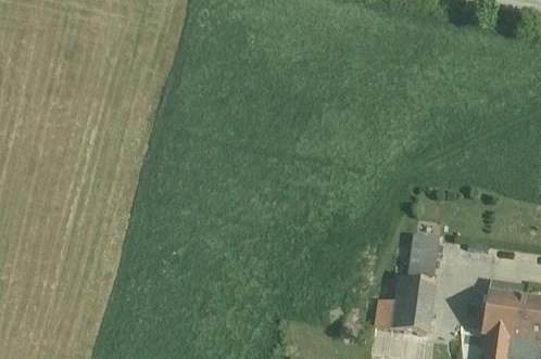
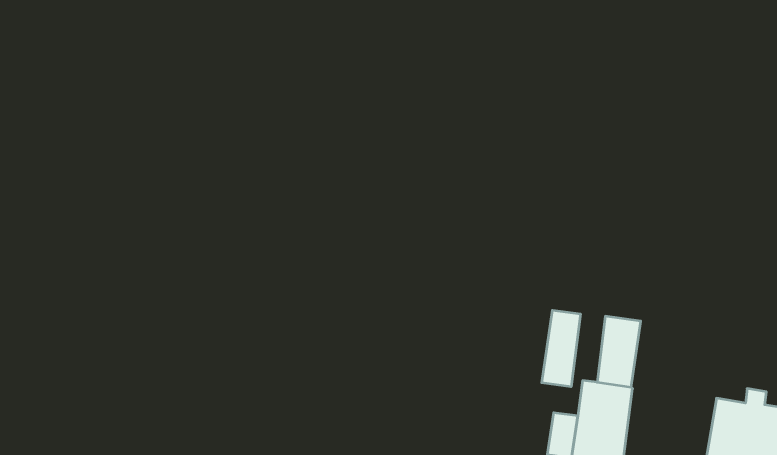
building: none -> [542,310,580,387]

